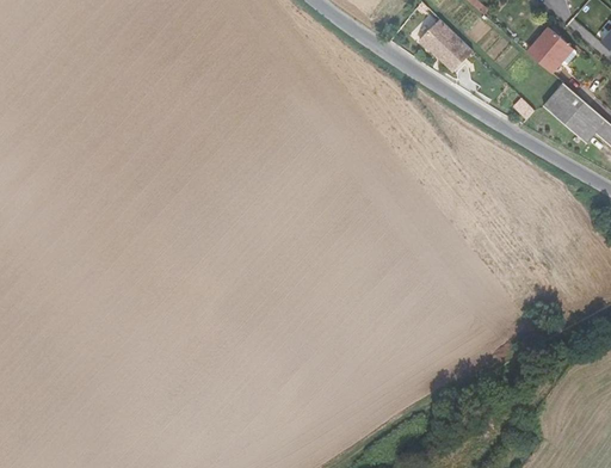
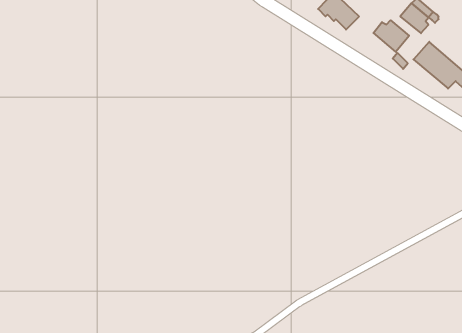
building: none -> [373,20,409,52]

